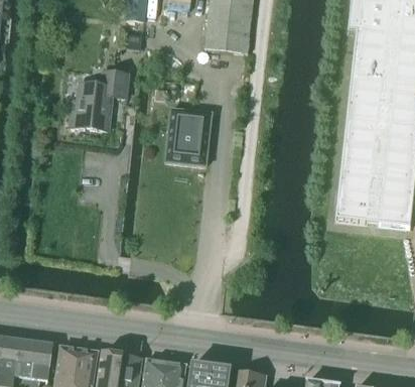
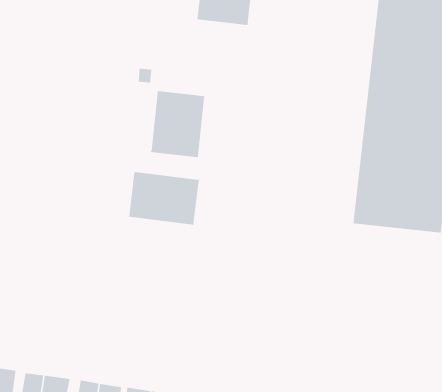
building: [68,70,127,131] -> none
building: none -> [128,171,200,226]

